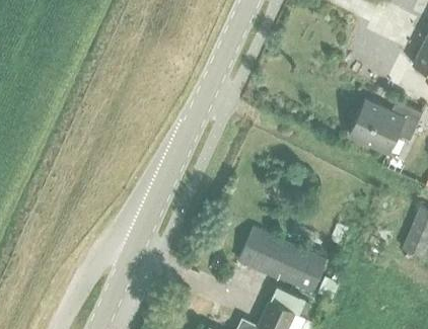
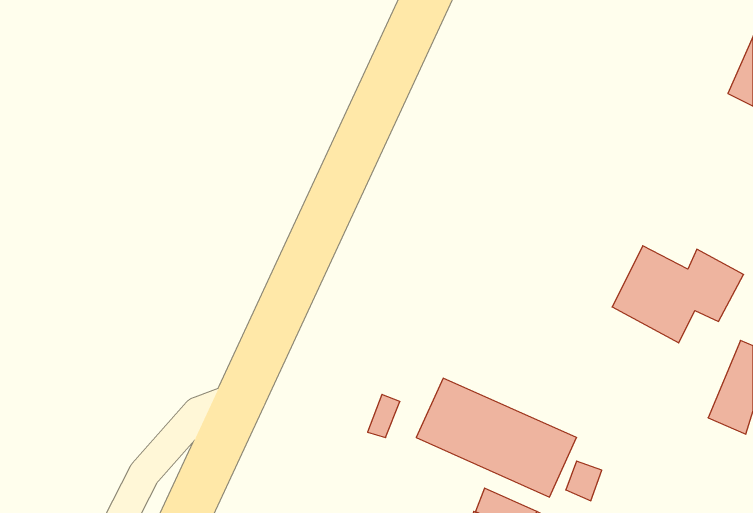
building: [347,98,421,153] -> [612,246,744,343]

